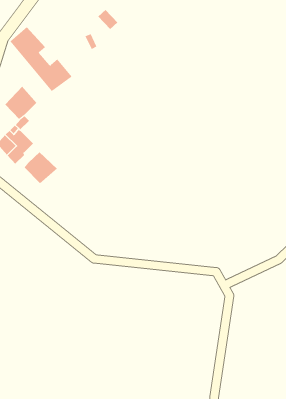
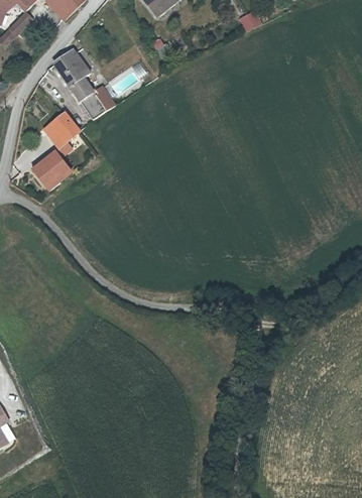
building: [24,152,58,184] -> none

